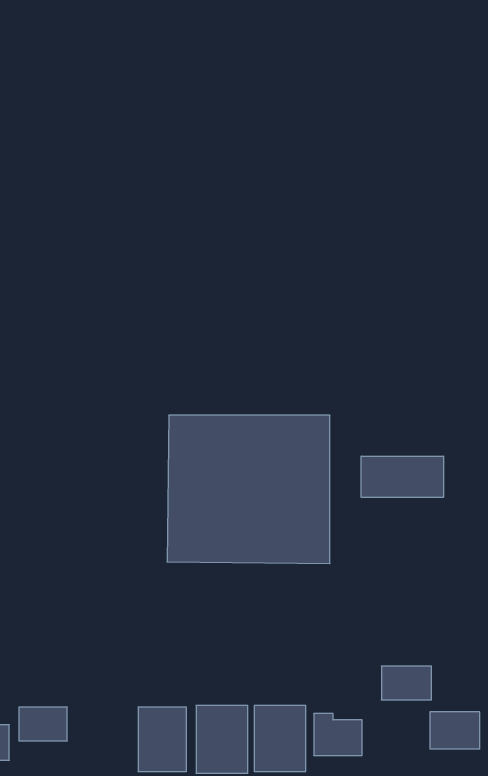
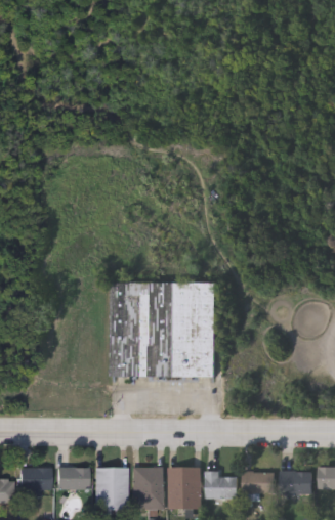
building: [361,456,443,497] -> none
building: [381,666,431,700] -> [243,472,275,493]
building: none -> [56,467,88,489]

